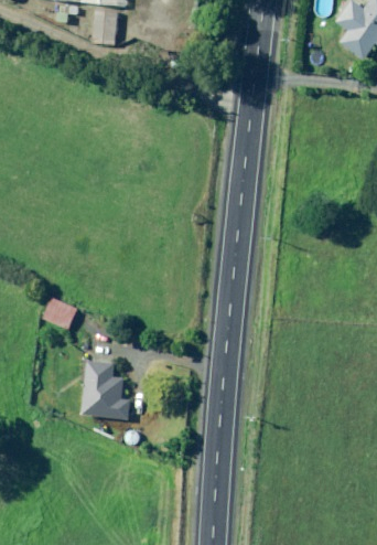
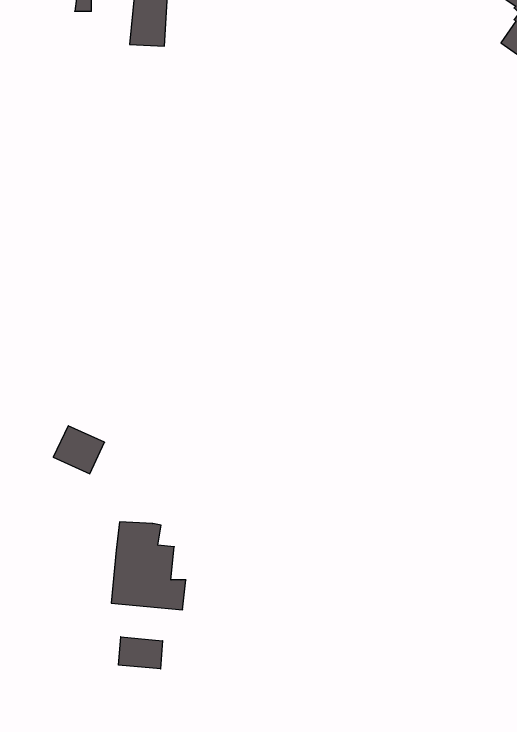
building: none -> [119,637,163,669]

